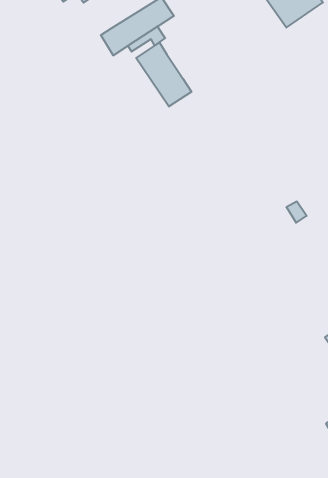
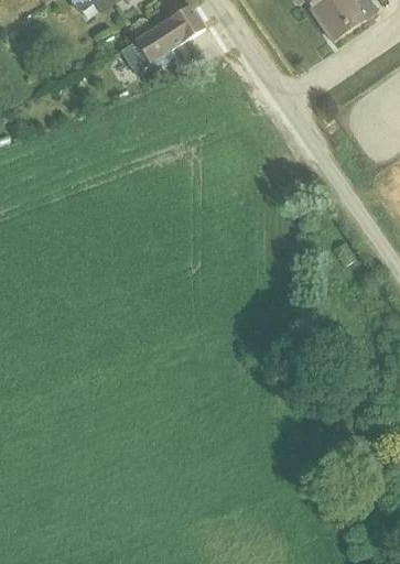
building: [136,43,191,107] -> none

